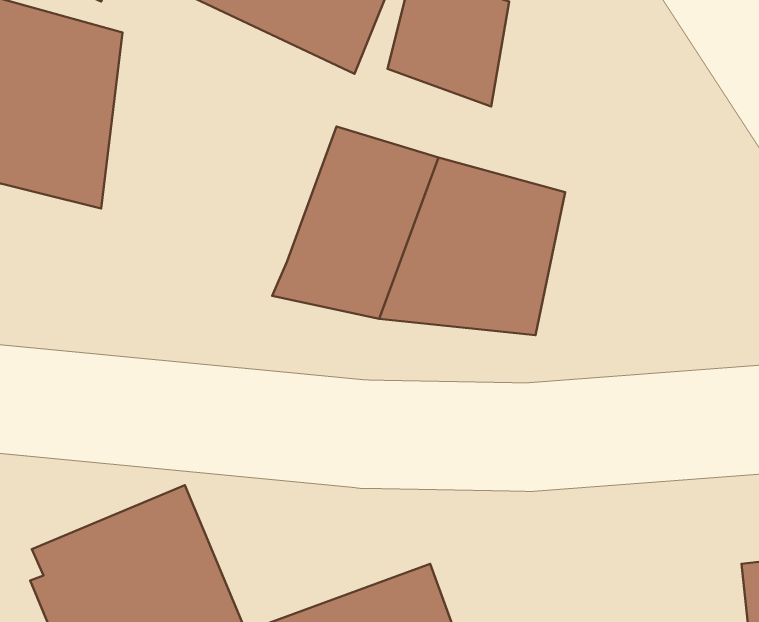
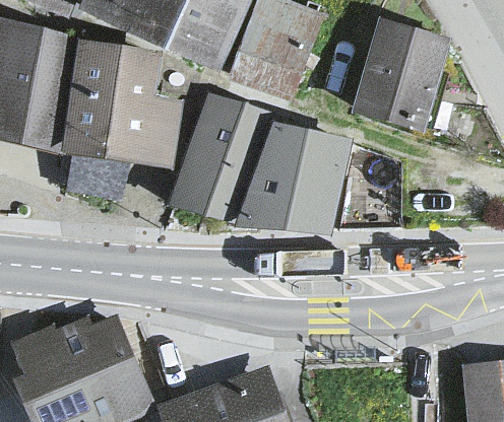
building: none -> [349,29,452,148]
building: none -> [64,41,179,164]

